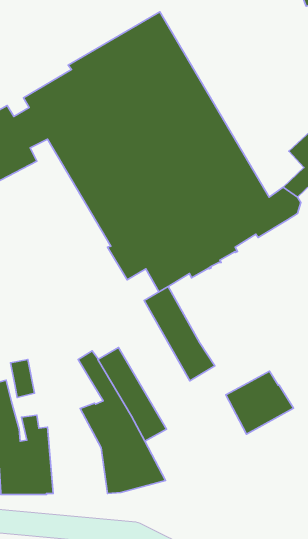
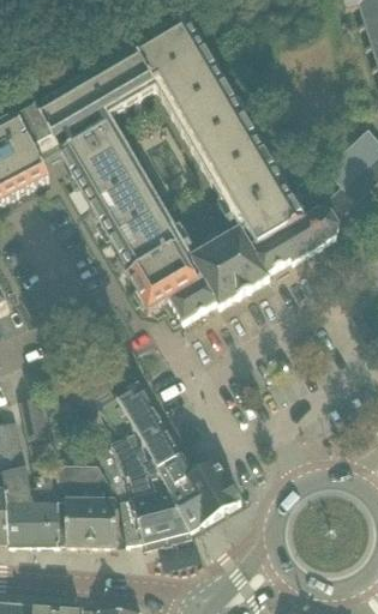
building: [144,287,215,381] -> none
building: [226,371,293,434] -> [167,462,241,531]
building: none -> [60,465,115,548]

